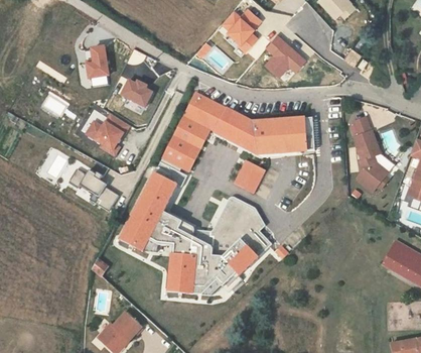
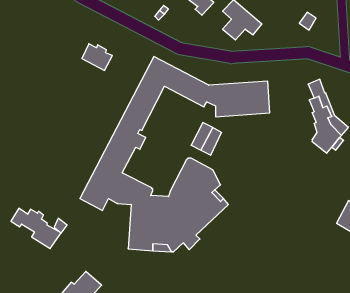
building: [85,46,108,79] -> none
building: [86,114,129,154] -> none
building: [68,168,120,210] -> [11,208,61,249]

